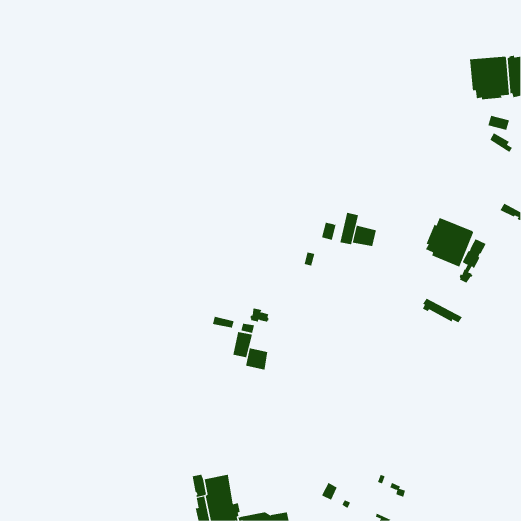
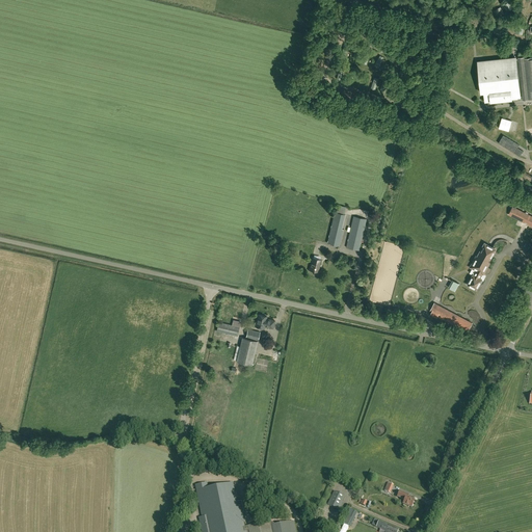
building: [425,216,474,268] -> none
building: [352,225,377,247] -> none
building: [245,348,268,371] -> none

